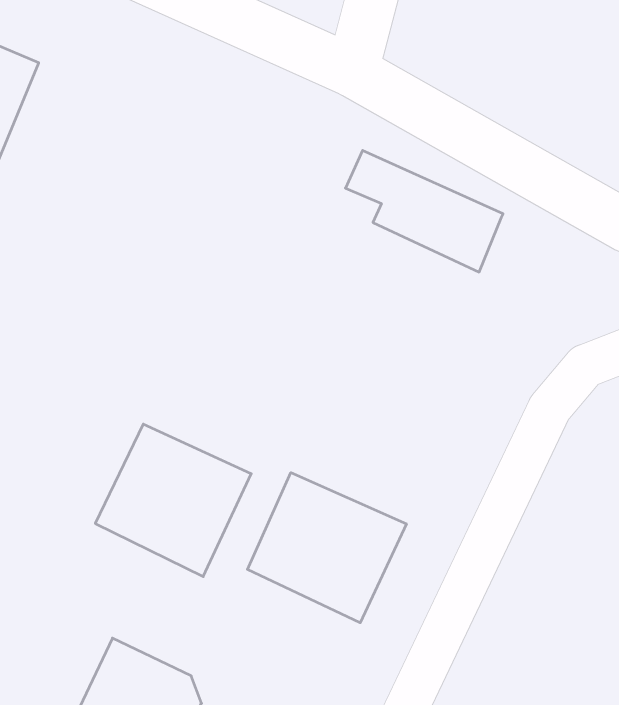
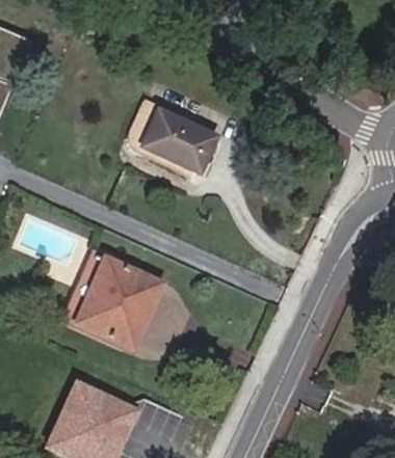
building: [345,150,503,272] -> [126,102,221,176]
building: [247,473,406,623] -> none

